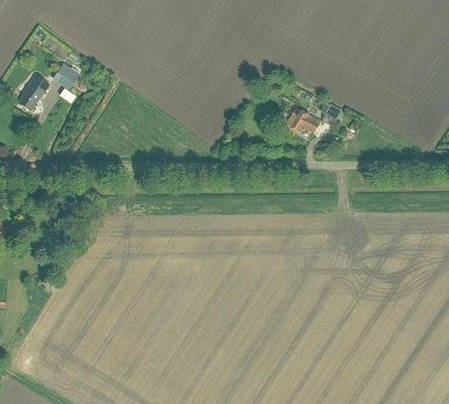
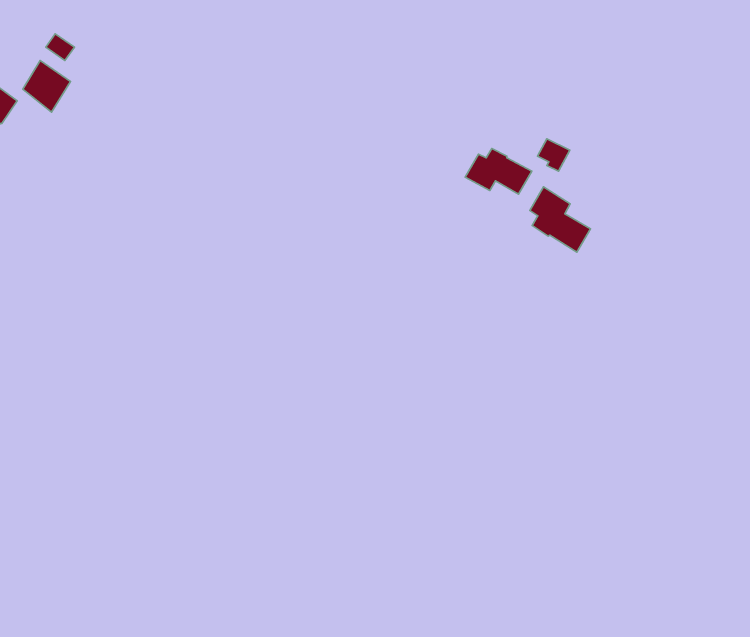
building: none -> [530,187,590,252]

